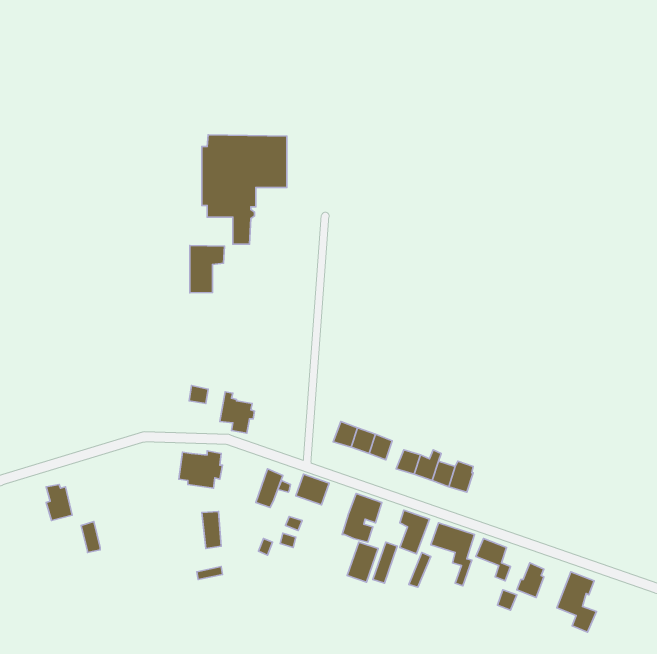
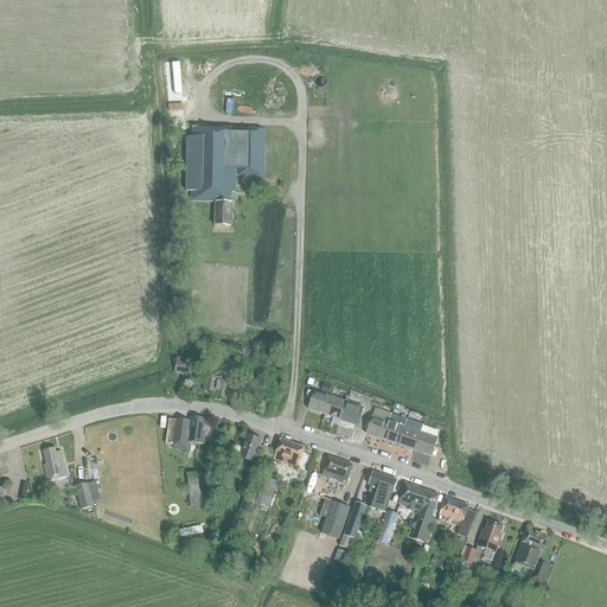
building: [190,245,225,293] -> none

